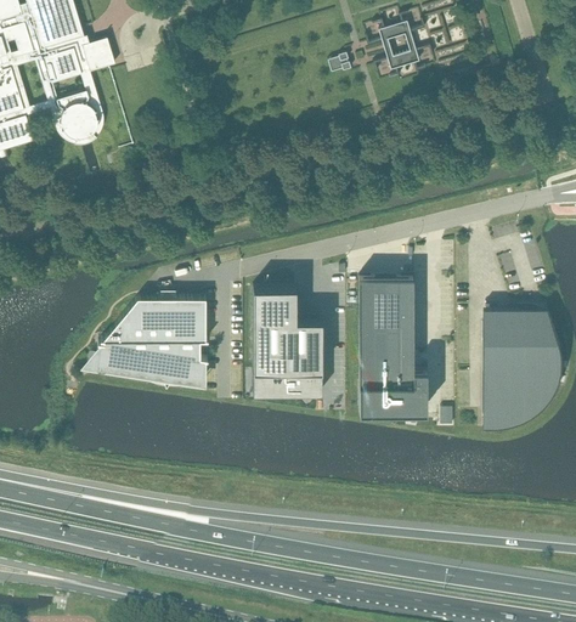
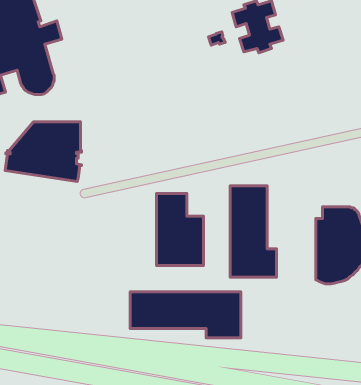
building: [97,300,208,386] -> [5,122,81,181]
building: none -> [130,292,241,338]

